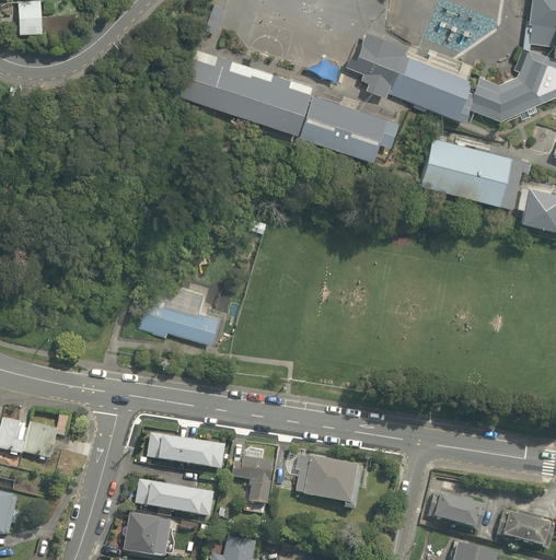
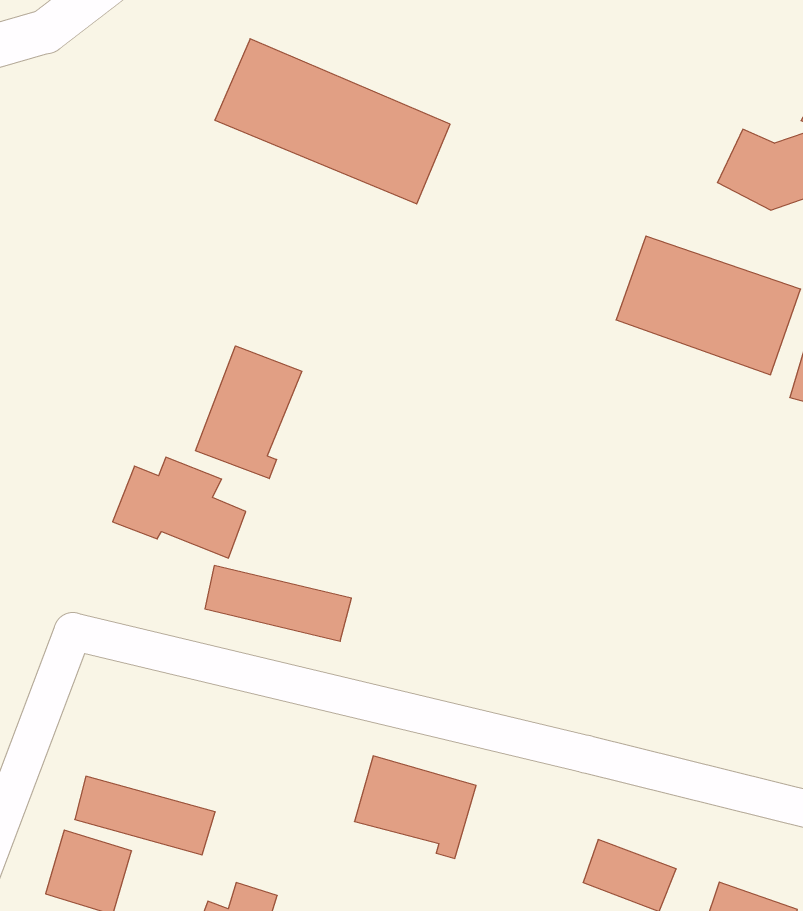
building: [349,34,476,120] -> none
building: [301,95,399,162] -> none
building: none -> [196,346,302,479]
building: [140,430,223,467] -> [205,566,351,641]
building: [231,456,274,504] -> none

